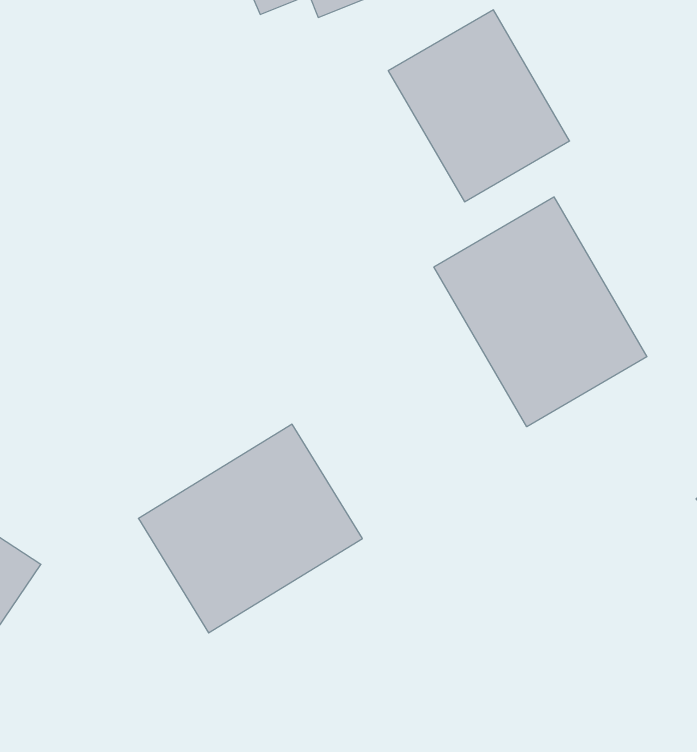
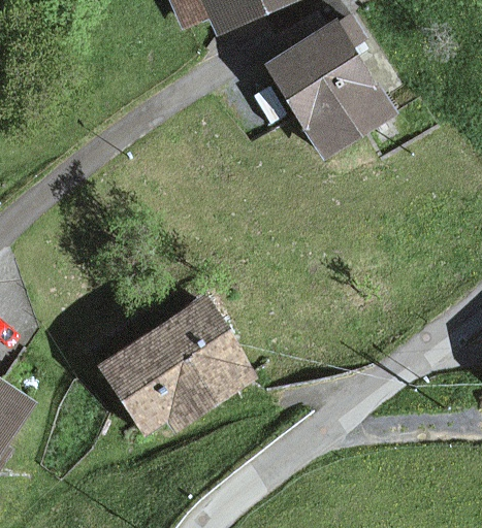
building: [434,197,647,427] -> none

